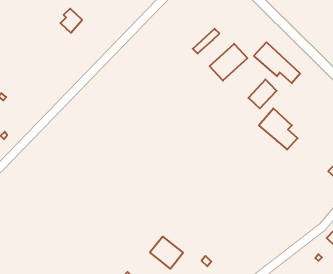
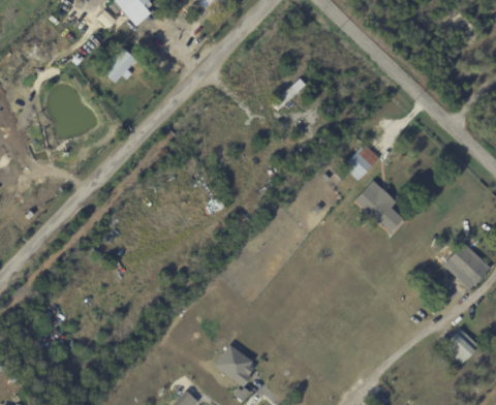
building: [254,42,300,83] -> none
building: [210,44,247,81] -> none

